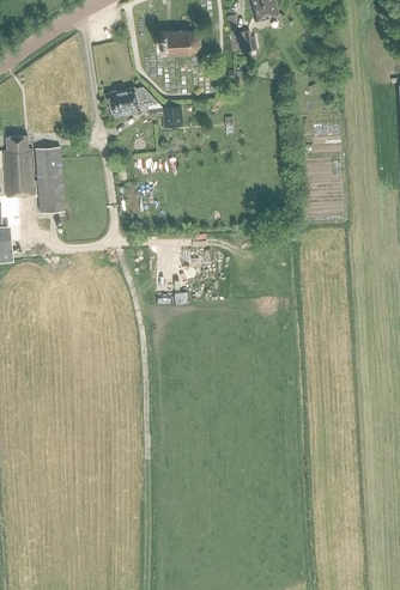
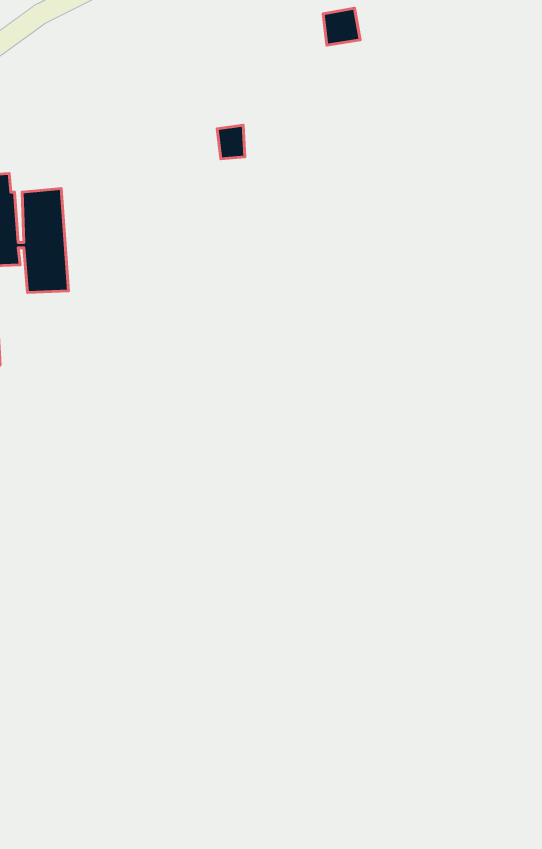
building: [159,30,200,54] -> none
building: [108,86,158,116] -> none

